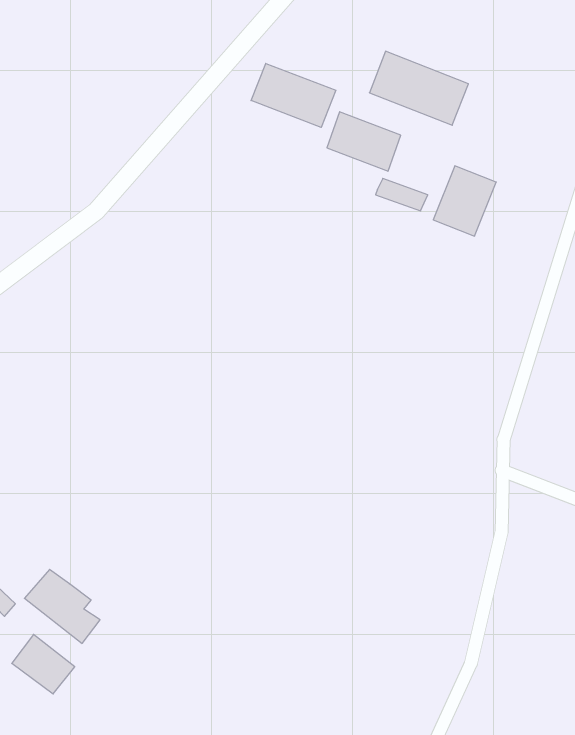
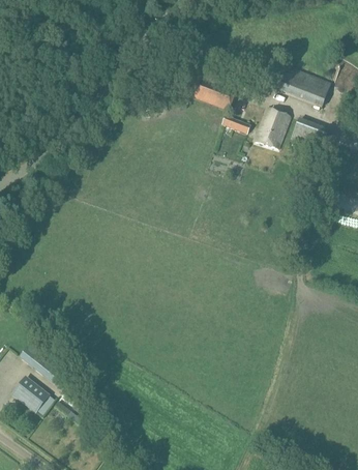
building: [369,51,468,125] -> [275,65,332,108]
building: [251,63,336,127] -> none

